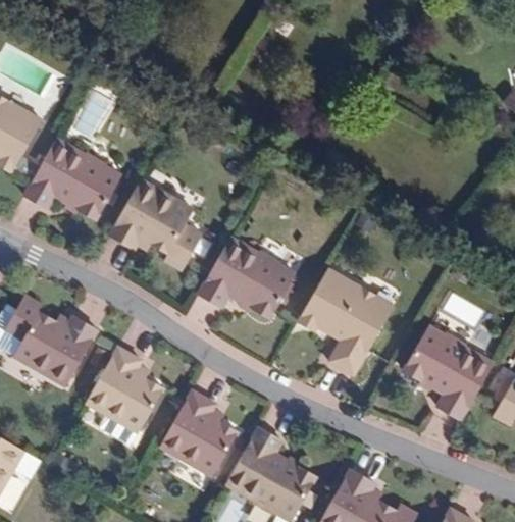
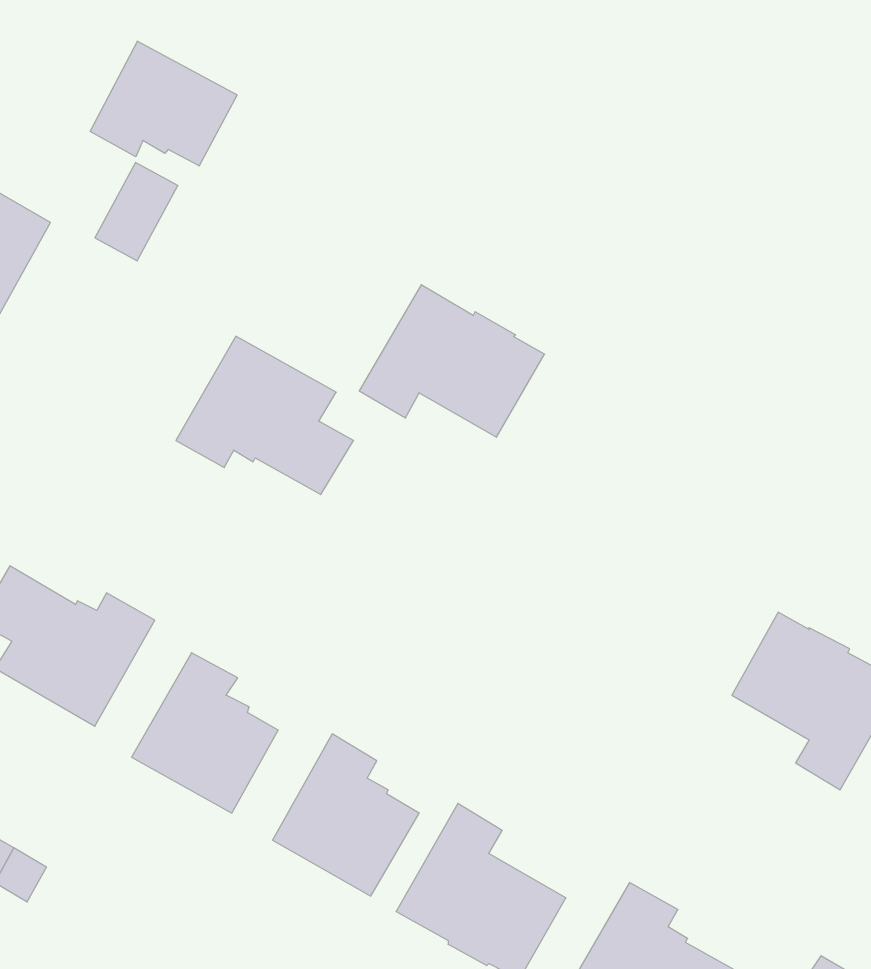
building: none -> [90,41,237,166]
building: [24,140,121,220] -> none
building: [198,238,296,318] -> [359,285,545,437]
building: [298,268,393,375] -> none

